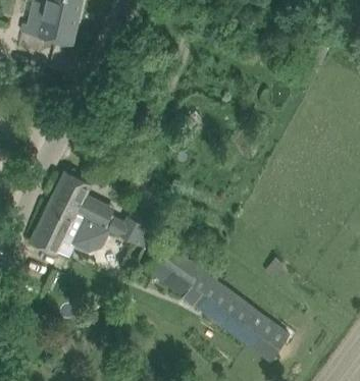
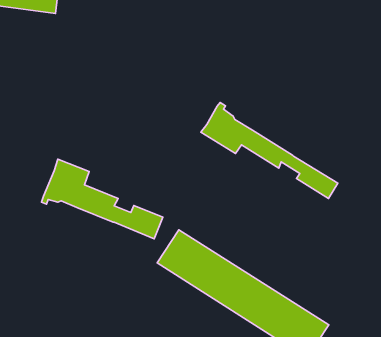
building: none -> [201,102,338,199]
building: [30,206,108,258] -> none

